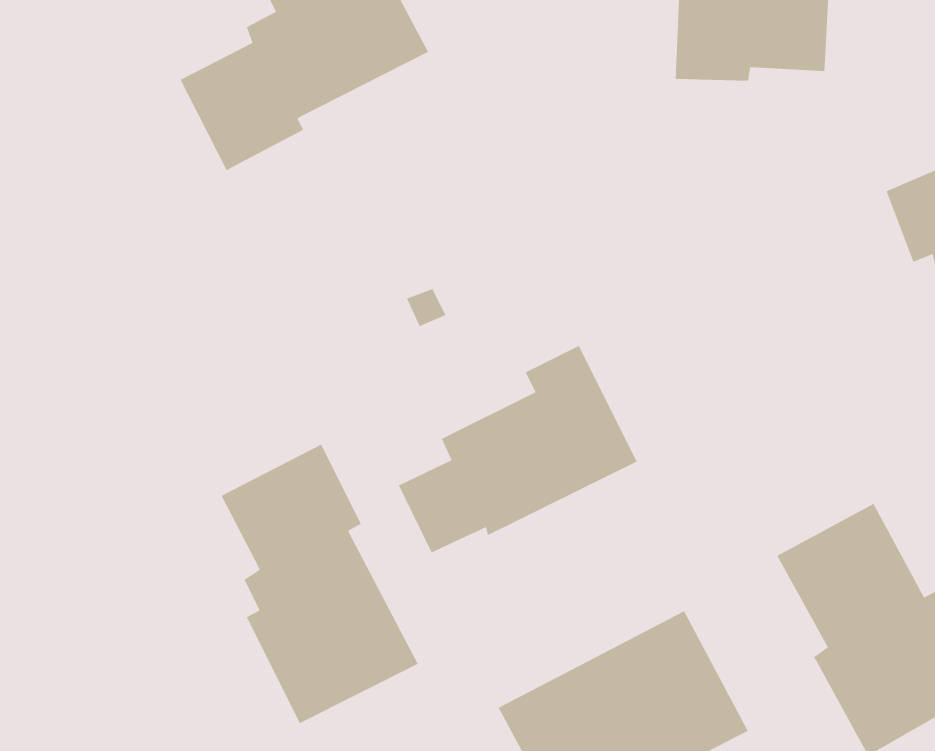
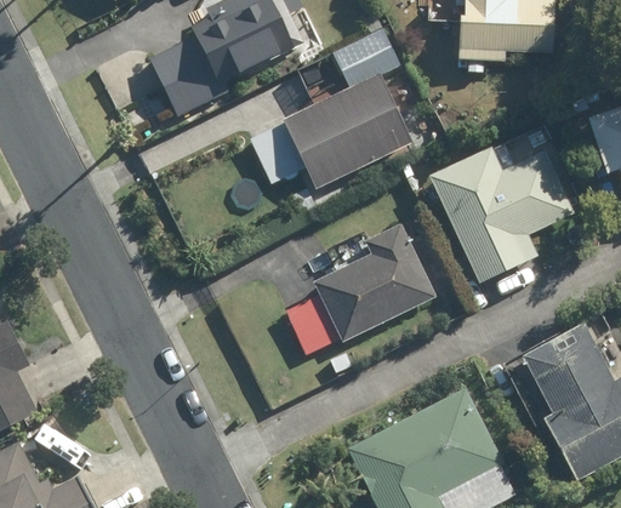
building: none -> [246,35,409,188]
building: none -> [429,147,572,281]
building: [221,444,419,724] -> none

